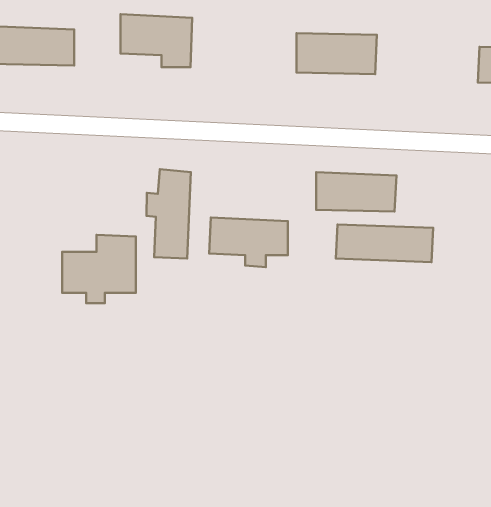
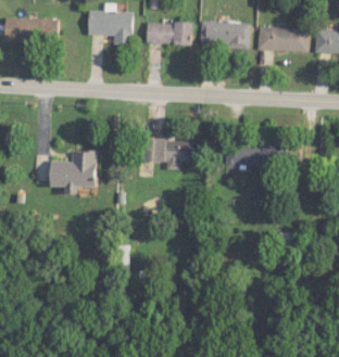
building: none -> [146,22,192,44]
building: [146,169,191,258] -> none
building: [316,172,396,212] -> [258,26,309,51]

